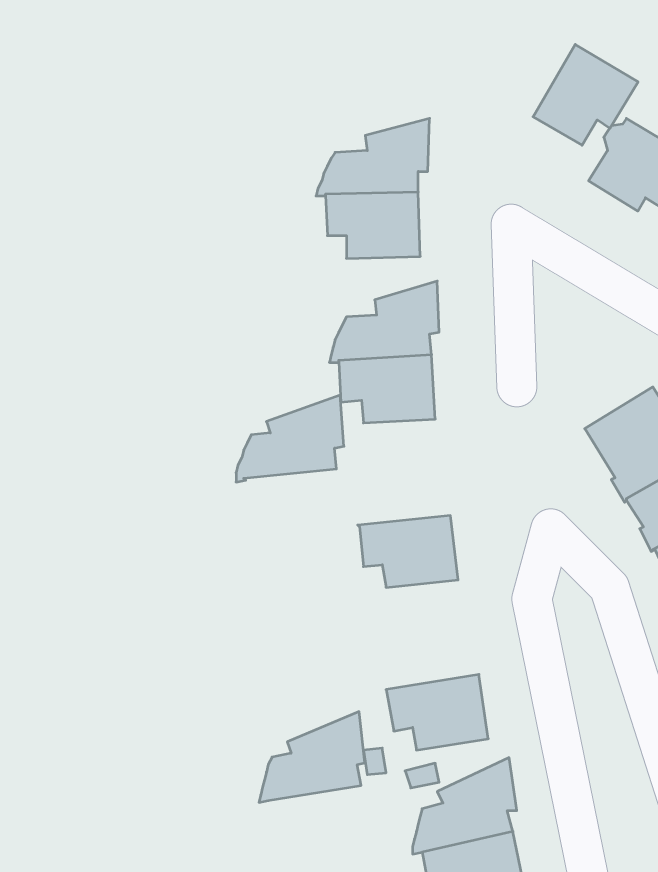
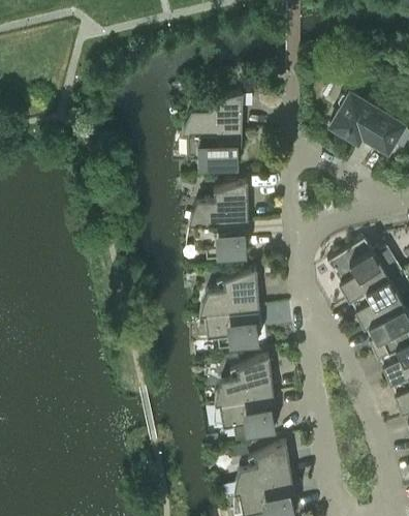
building: [533,44,638,145] -> none
building: [236,395,344,482] -> [200,270,259,317]
building: [259,712,365,802] -> [215,357,273,406]

